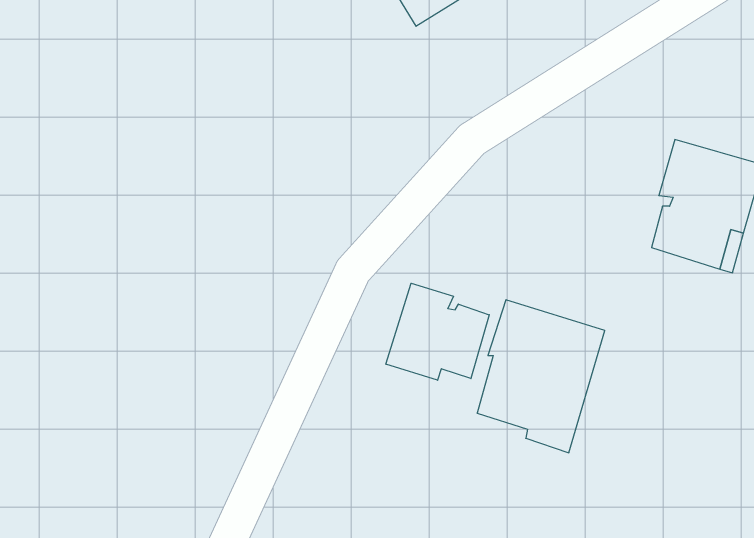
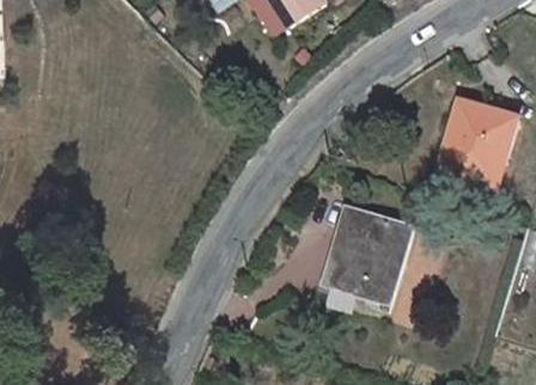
building: [386,283,489,380] -> none

